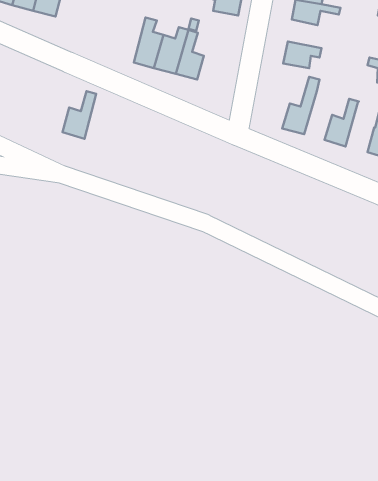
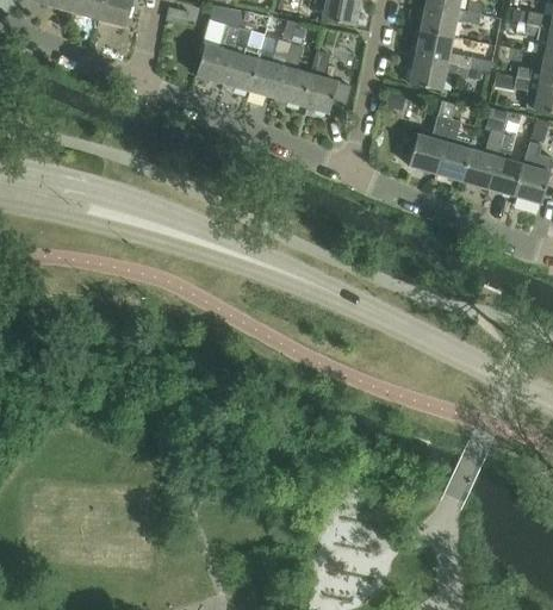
building: none -> [415,30,472,68]
building: none -> [302,50,337,113]
building: none -> [435,118,472,180]
building: [63,91,96,139] -> [195,24,237,83]
building: none -> [486,133,522,195]

